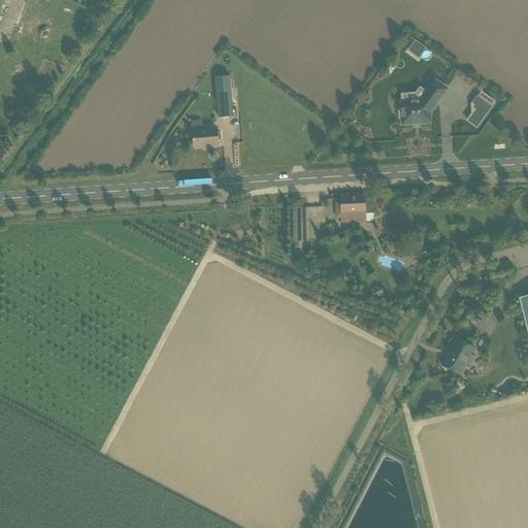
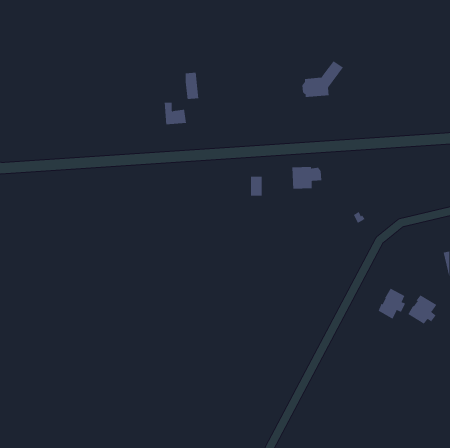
building: [398,79,448,123] -> [301,60,344,97]
building: [463,95,491,126] -> none
building: none -> [408,295,437,325]

